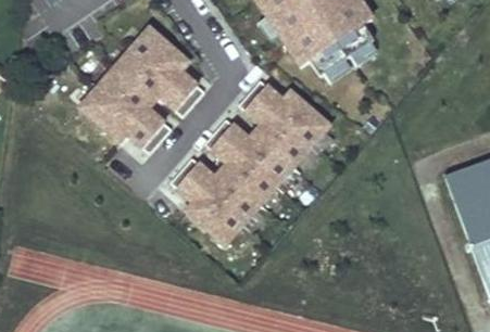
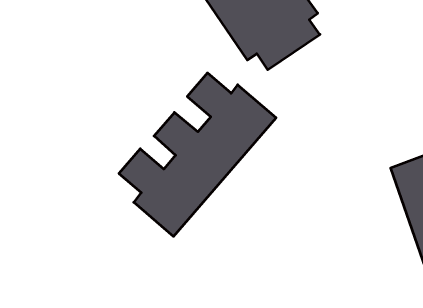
building: [79,26,203,152] -> none

